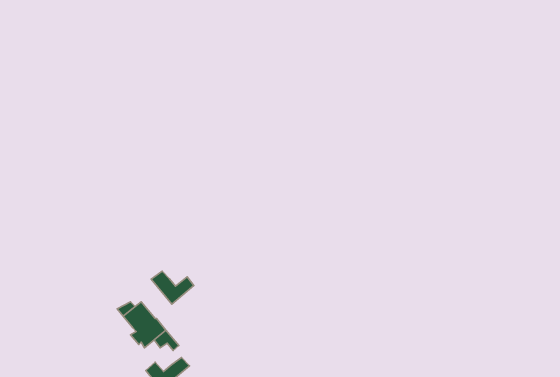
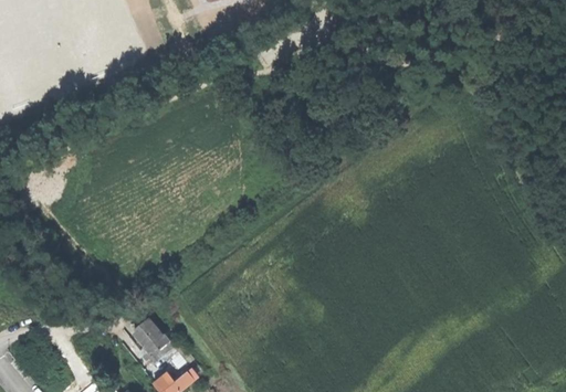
building: [151,271,194,304] -> none

